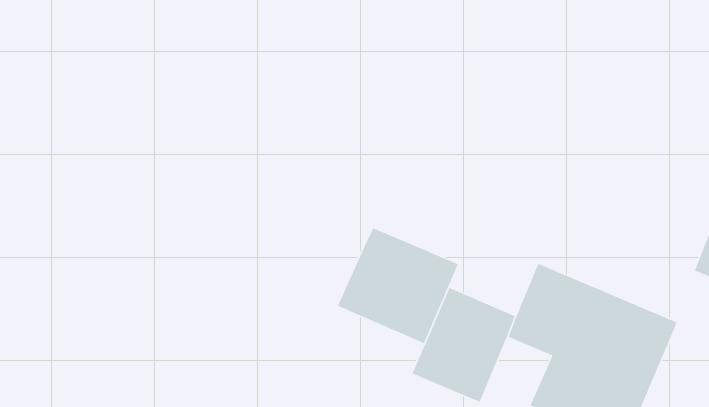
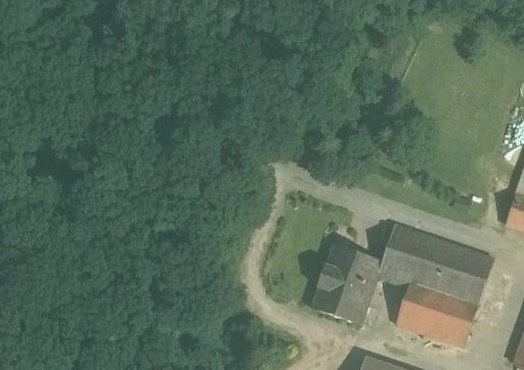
building: [337,227,459,344] -> none

